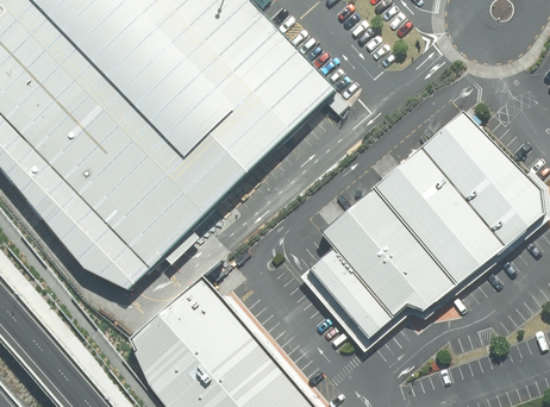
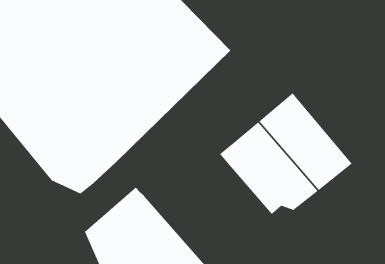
building: [420,111,543,246] -> none
building: [301,249,390,345] -> none

